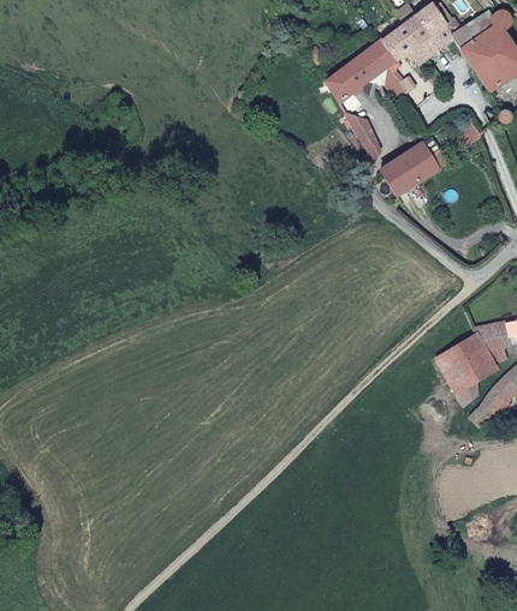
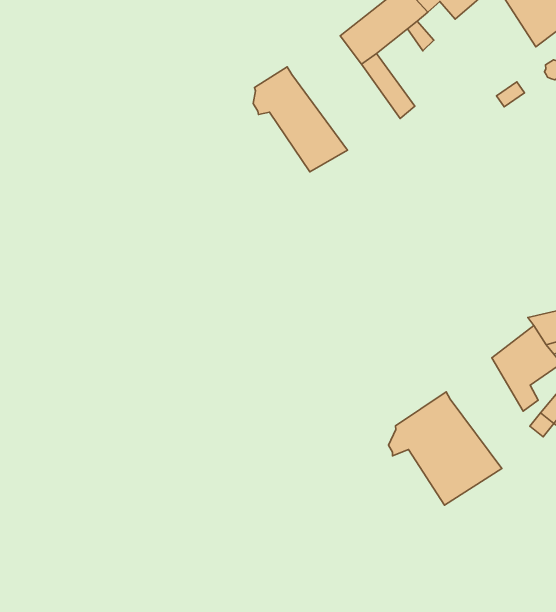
building: none -> [253,67,347,172]
building: [378,140,441,197] -> none
building: none -> [389,392,502,505]

